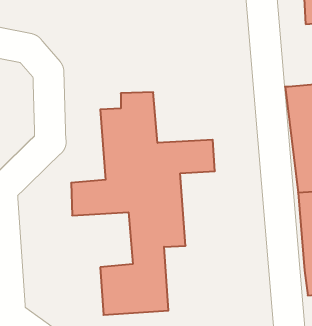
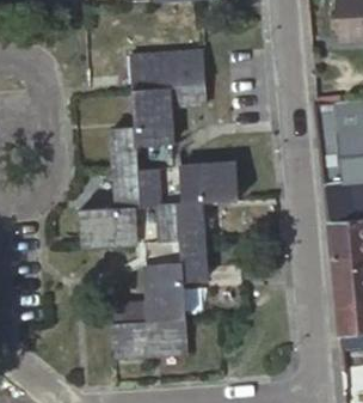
building: none -> [131,53,207,112]

